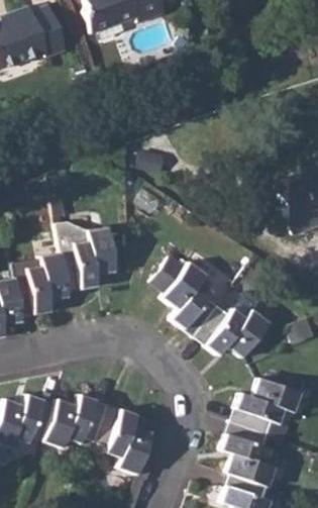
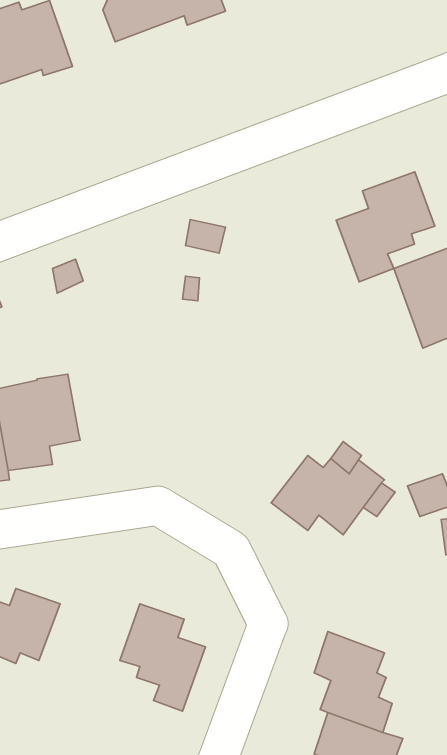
building: none -> [336,172,435,282]
building: [57,221,116,291] -> none
building: [152,257,220,337] -> none
building: [233,380,302,436] -> none
building: [42,394,109,448] -> none

